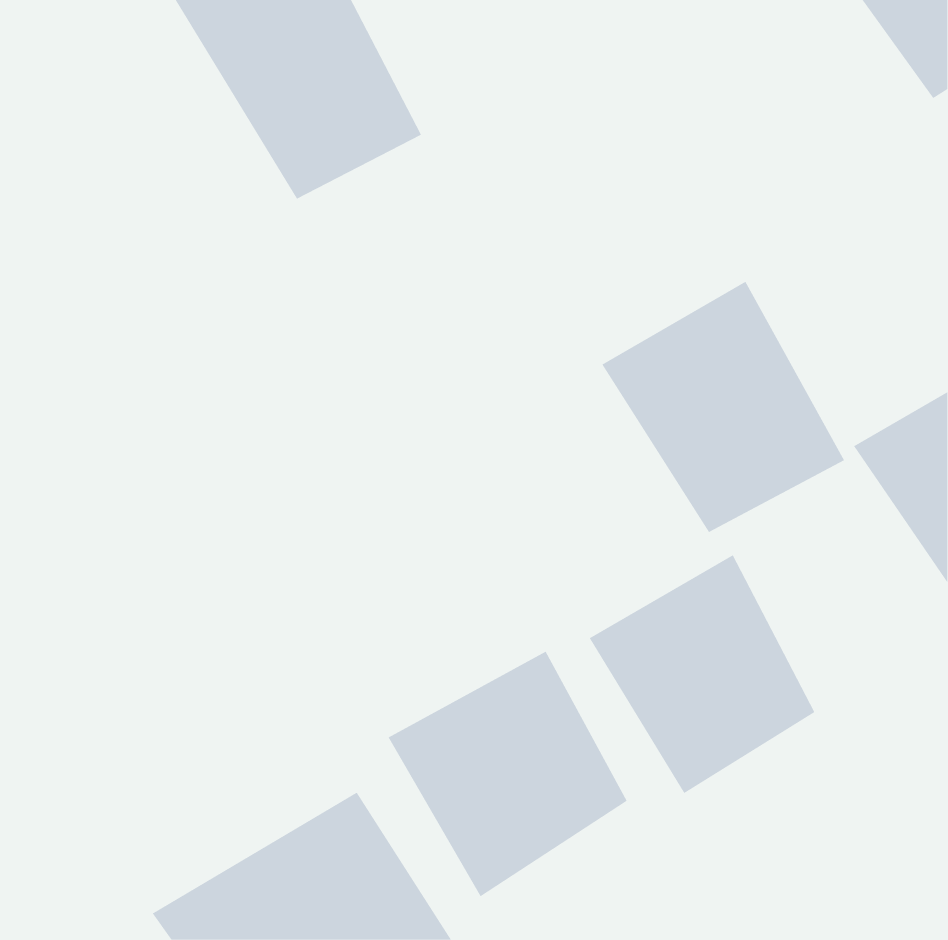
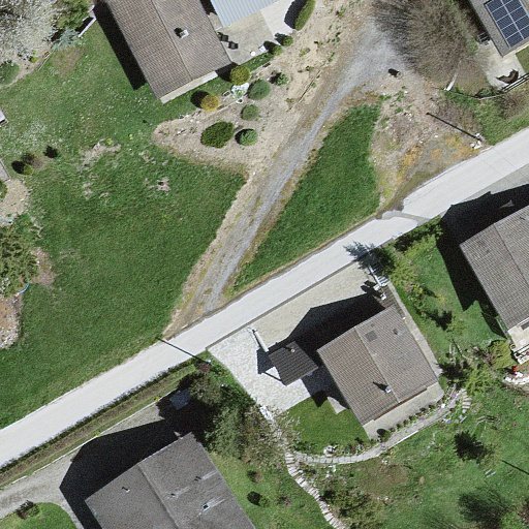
building: [602,281,845,533] -> none
building: [388,651,627,897] -> none

